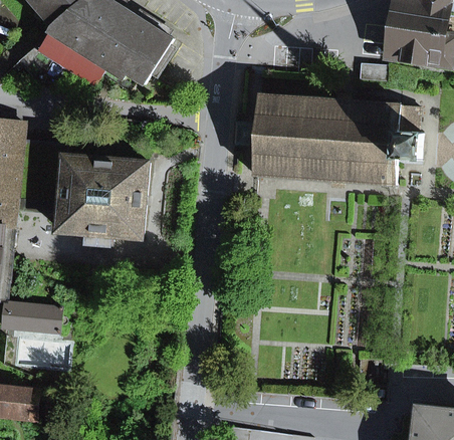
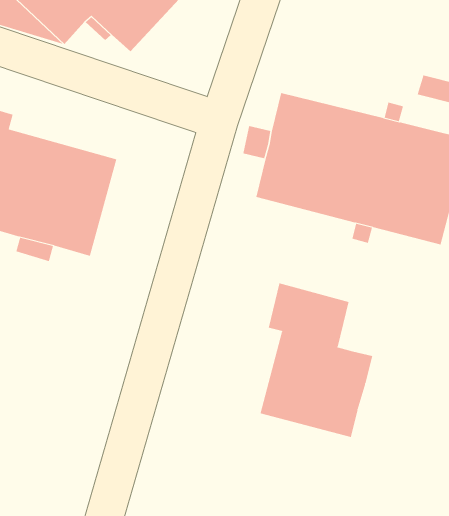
building: none -> [260,283,373,438]

